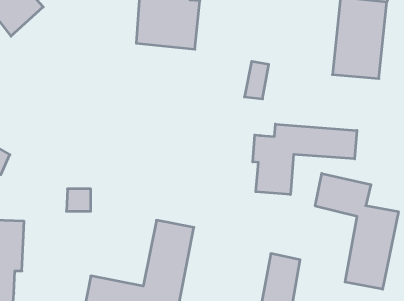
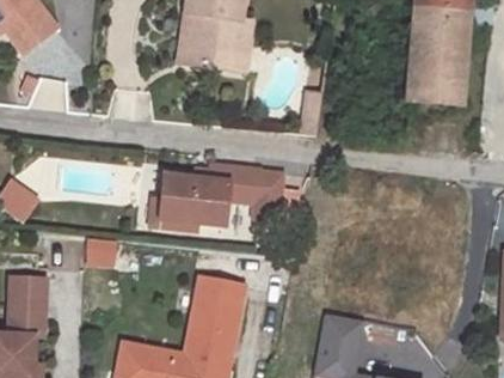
building: [253,124,357,195] -> none
building: none -> [158,167,279,224]
building: [315,173,398,289] -> none

